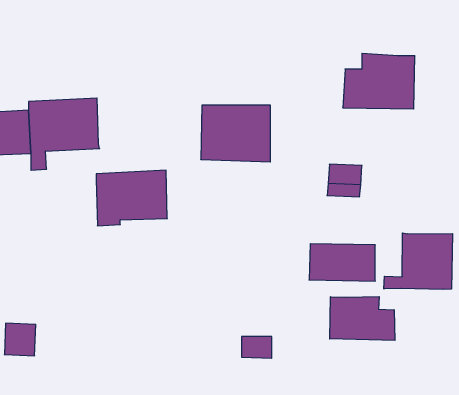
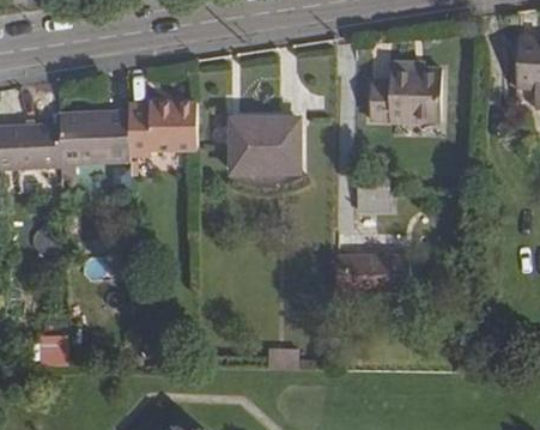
building: [96,170,167,226] -> [125,102,195,157]
building: [384,233,452,289] -> none
building: [330,297,395,340] -> none

